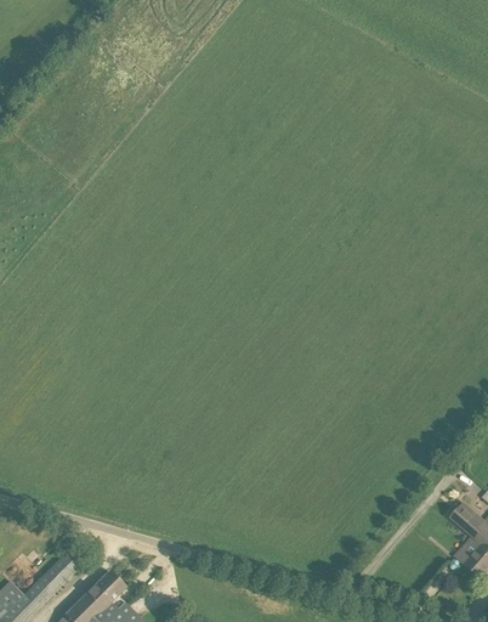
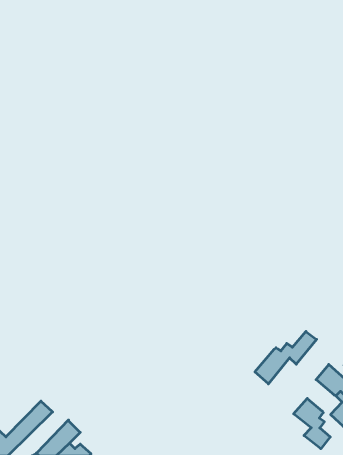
building: none -> [255,331,317,384]
building: none -> [294,398,330,449]

